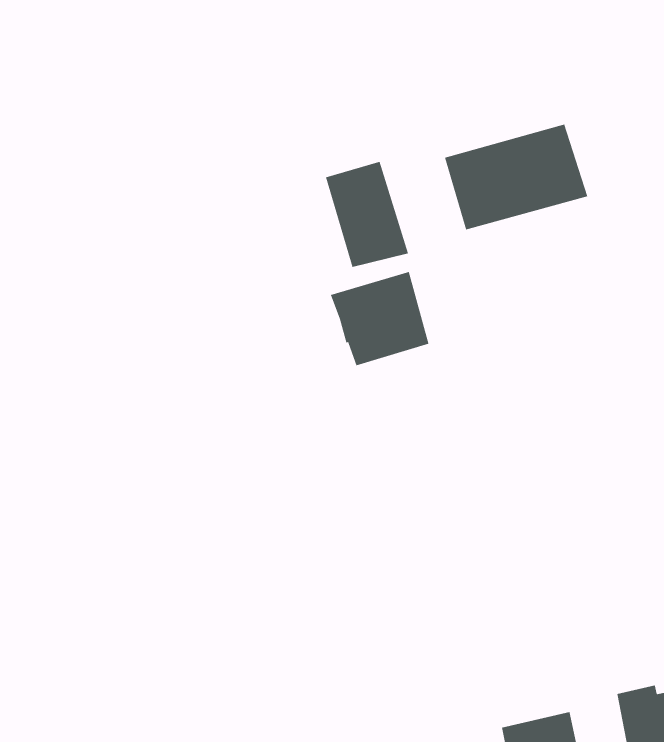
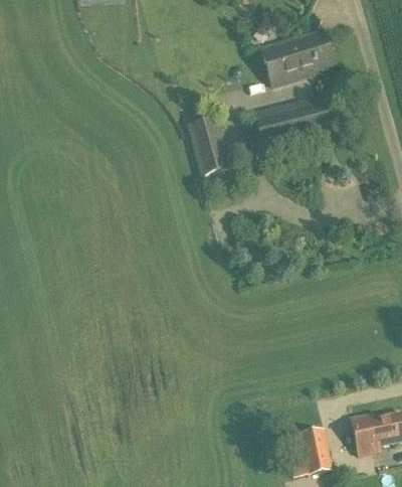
building: none -> [261,30,333,87]
building: [330,271,429,366] -> none

